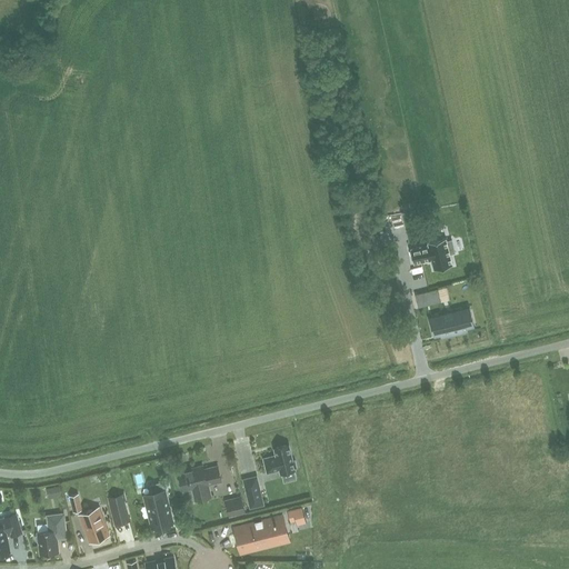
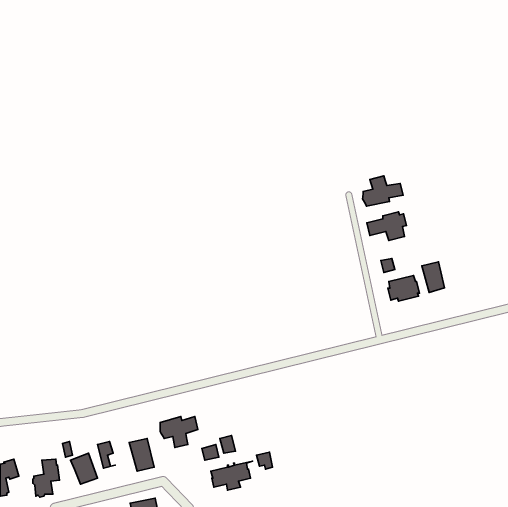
building: none -> [363,176,403,206]
building: none -> [422,262,445,292]
building: [263,446,295,473] -> none

